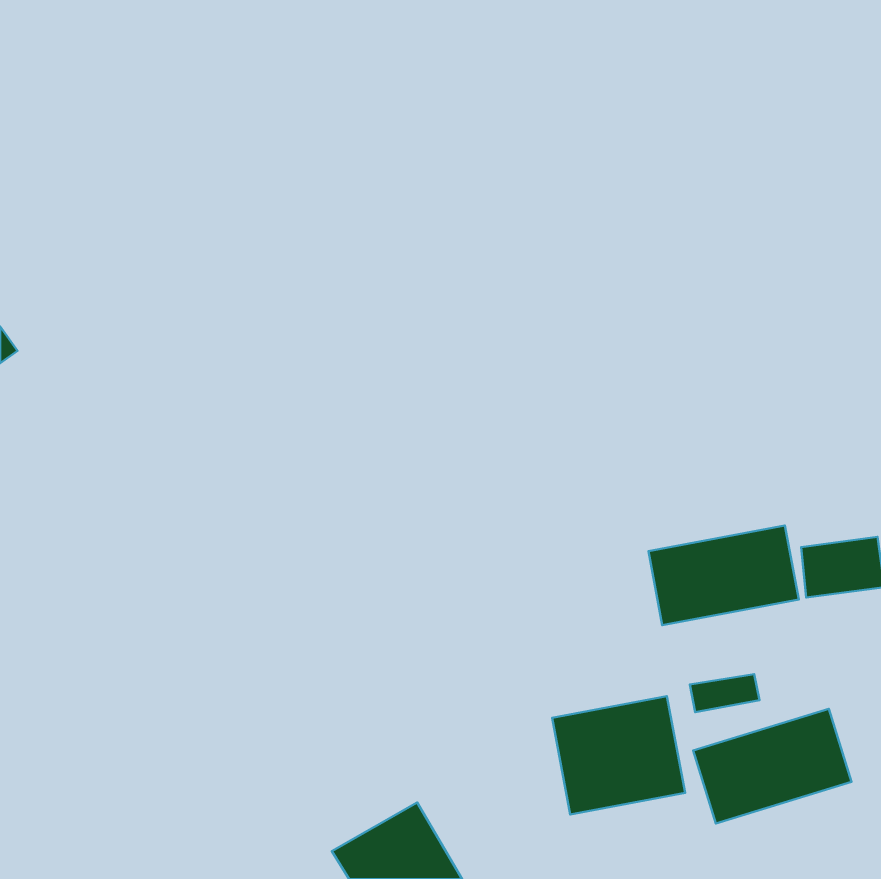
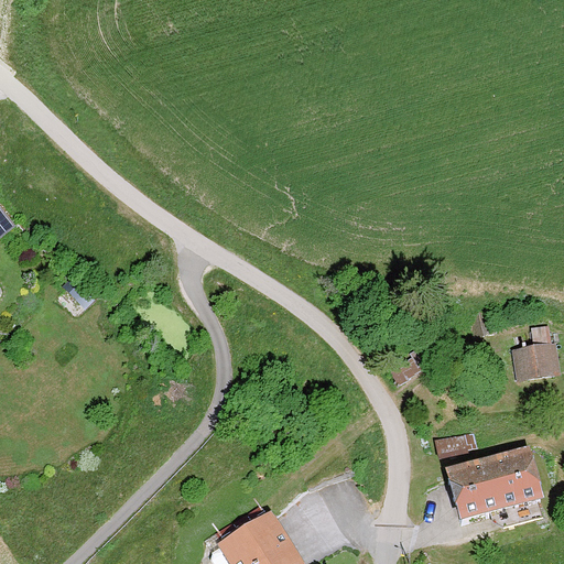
building: [648,525,799,625] -> none
building: [552,696,685,815] -> none

